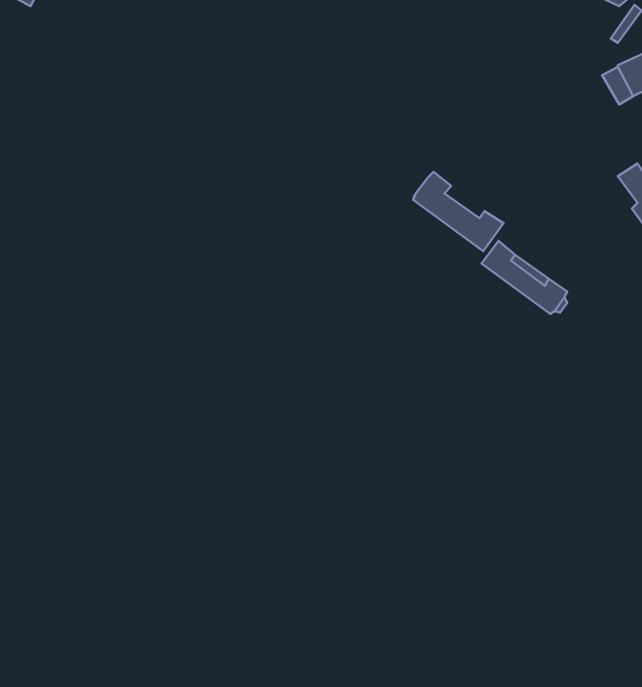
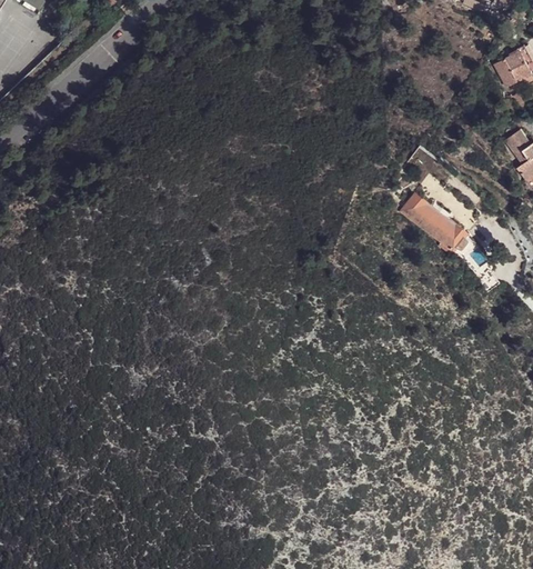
building: [413,172,503,251] -> none

